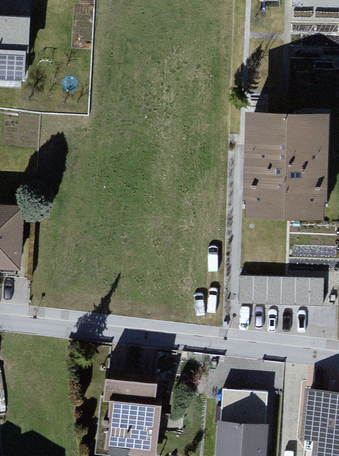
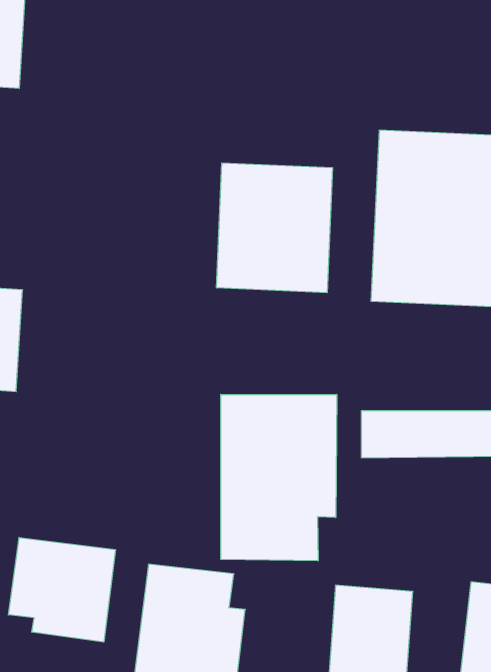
building: none -> [216,163,332,293]
building: none -> [221,394,337,561]
building: none -> [8,537,115,642]

